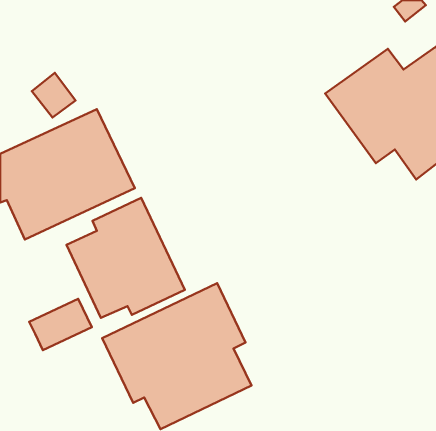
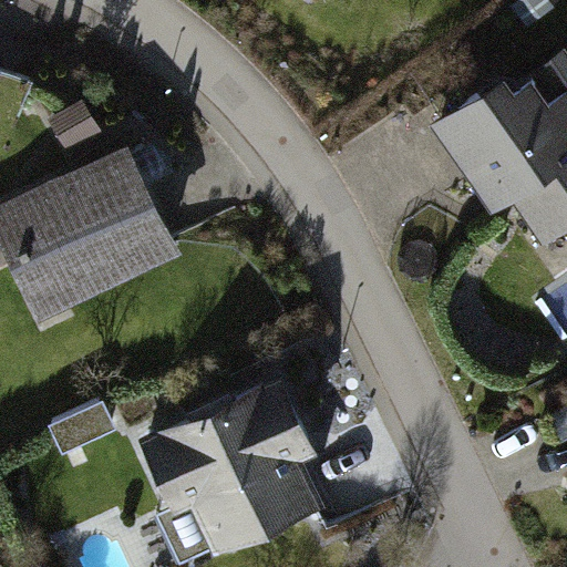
building: [66,198,185,318] -> none

